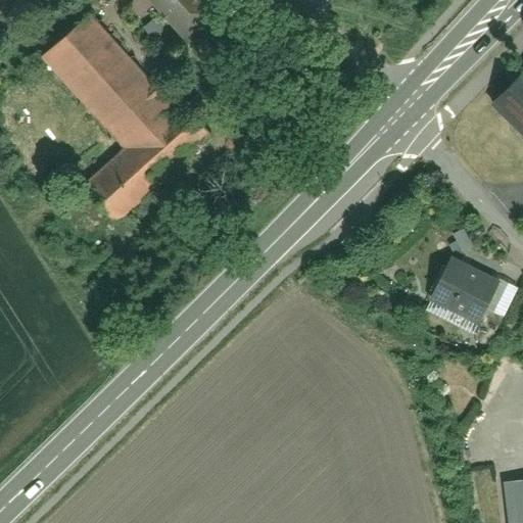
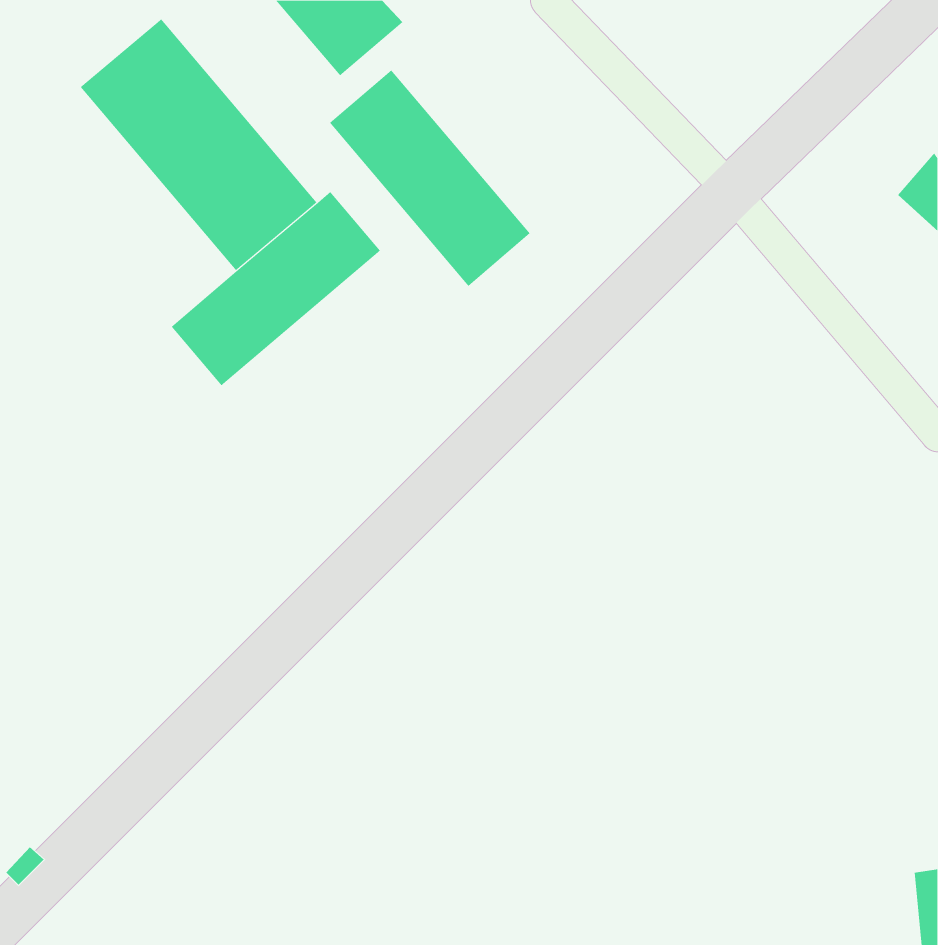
building: none -> [329,69,530,287]
building: [430,258,496,321] -> none

